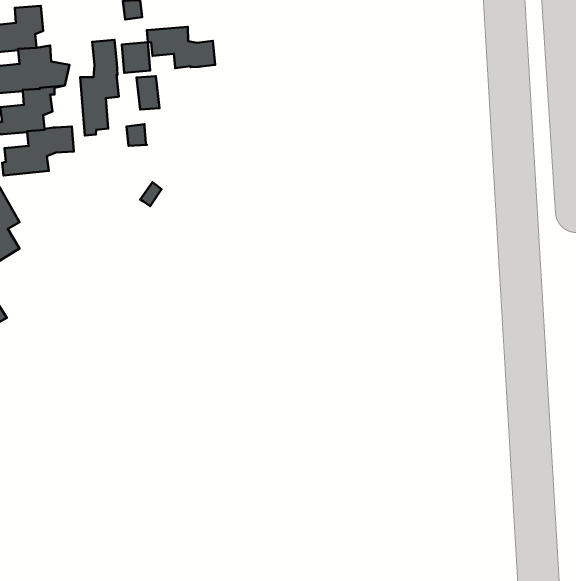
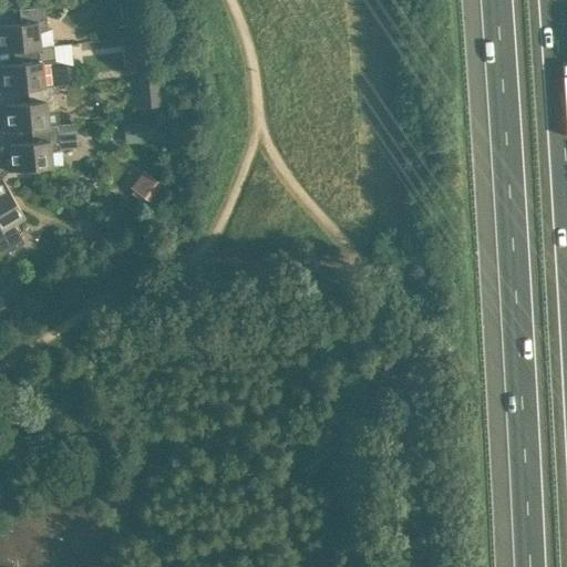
building: [147,27,215,68] -> none
building: [80,40,119,135] -> none

